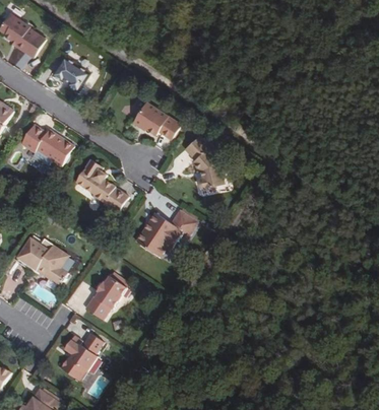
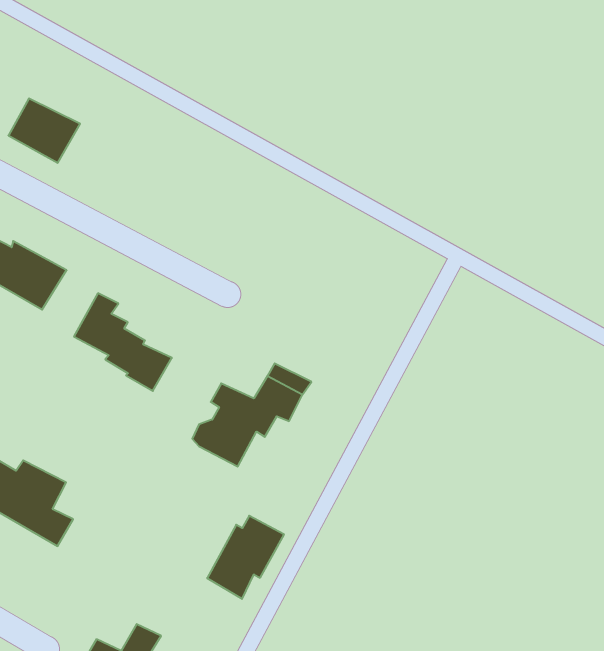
building: [129,101,178,139] -> none
building: [183,136,224,188] -> none
building: [86,274,128,317] -> [207,516,284,599]

